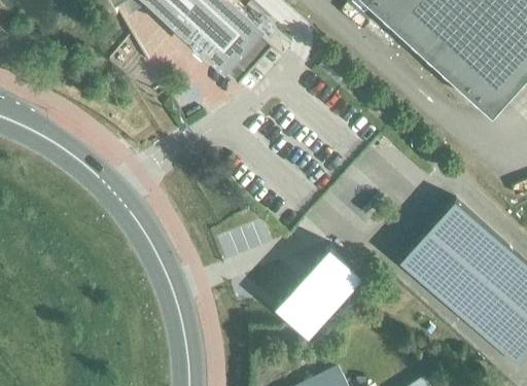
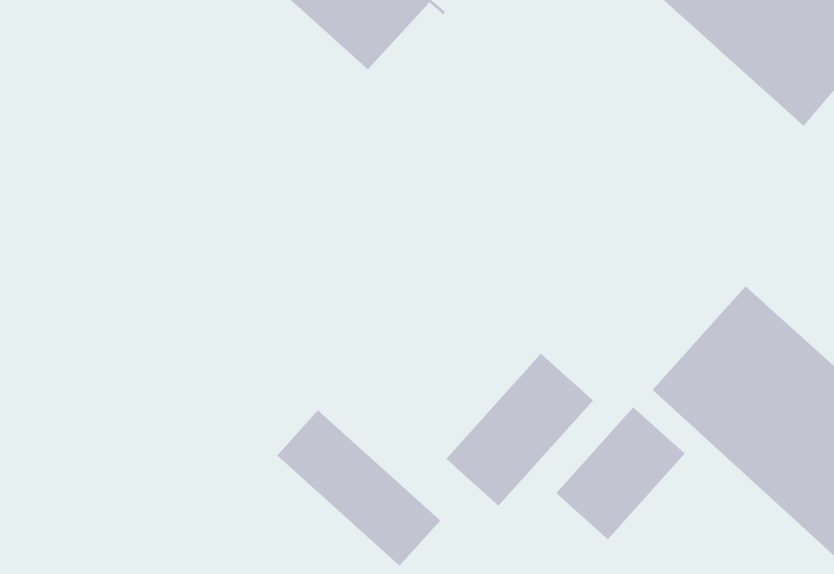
building: none -> [555,407,685,540]
building: none -> [276,409,441,567]

